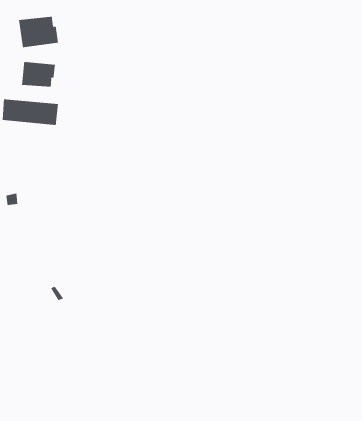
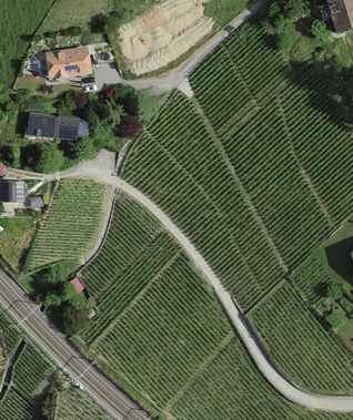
building: [22,61,56,87] -> none

